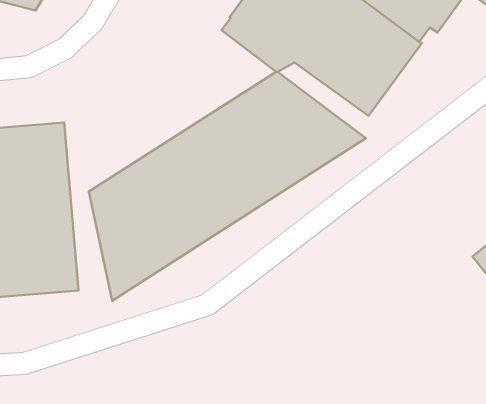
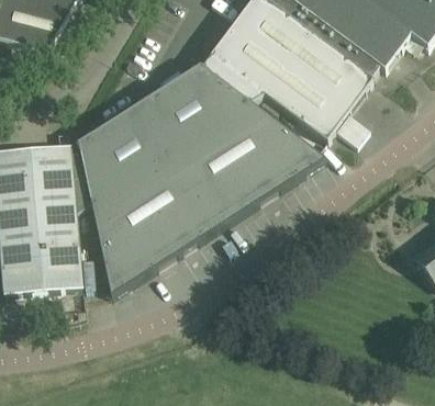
building: none -> [71,65,249,211]

